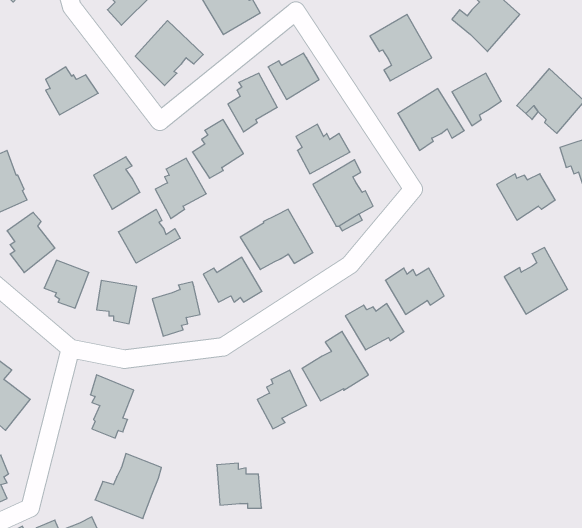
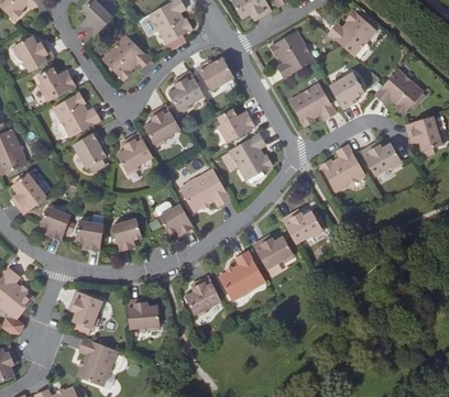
building: none -> [12,35,54,71]
building: none -> [53,91,100,136]
building: [118,209,180,263] -> none
building: [504,248,568,314] -> [319,144,364,191]
building: [217,463,262,508] -> [125,300,157,332]

